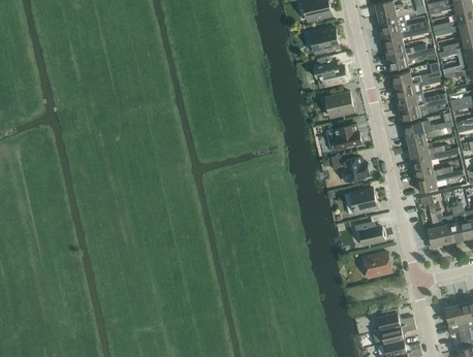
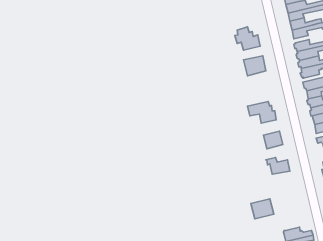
building: [306,31,338,52] -> none
building: [325,125,362,152] -> none
building: [362,253,392,279] -> [251,199,274,219]

